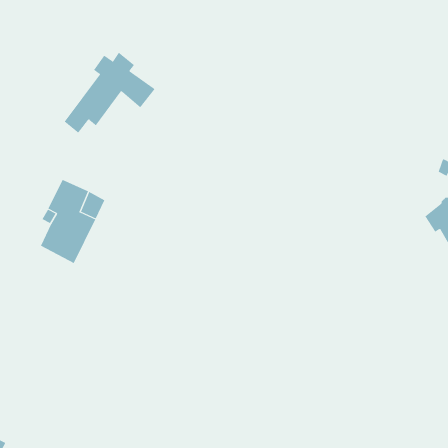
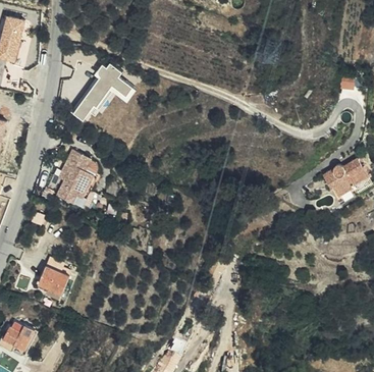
building: none -> [38,266,68,299]

